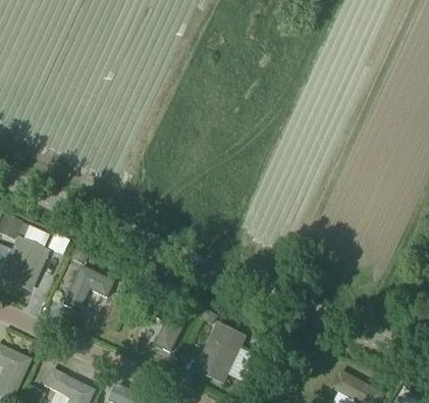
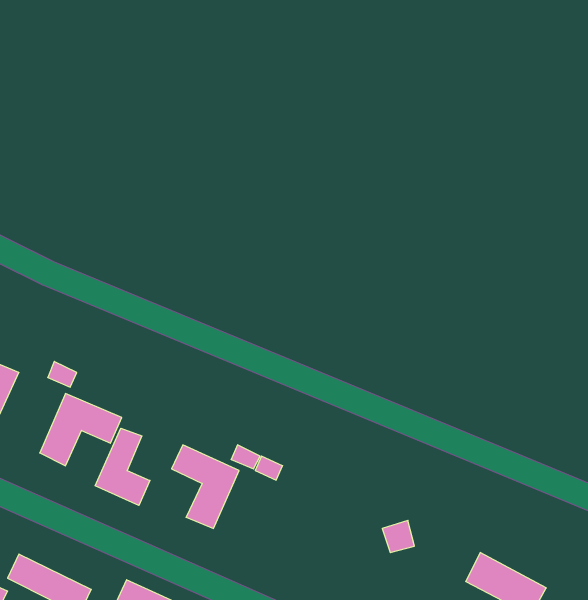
building: none -> [95,428,150,505]
building: [198,320,247,373] -> none

